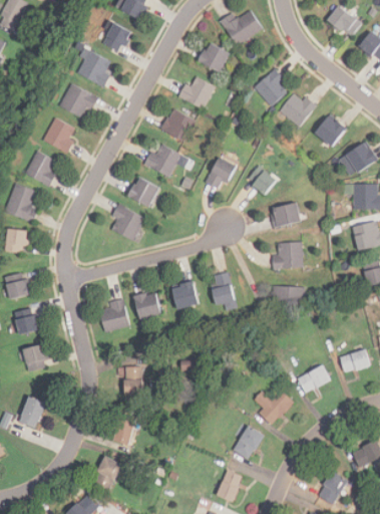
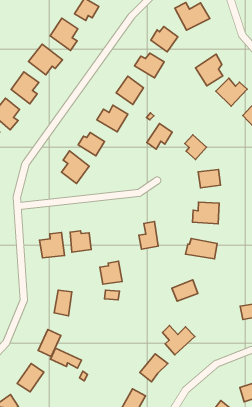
building: [168,282,197,311] -> [100,261,122,284]
building: [298,365,329,393] -> [172,280,198,301]
building: none -> [51,348,81,368]

